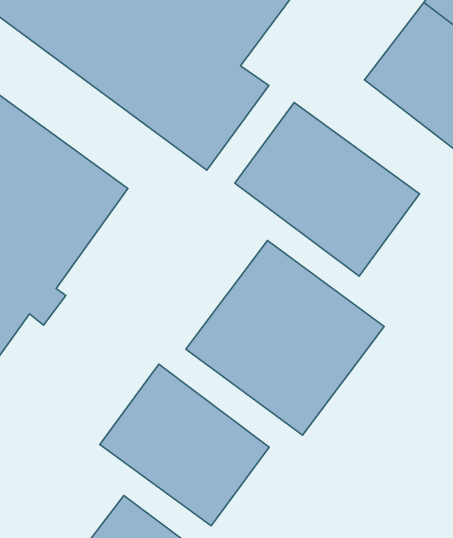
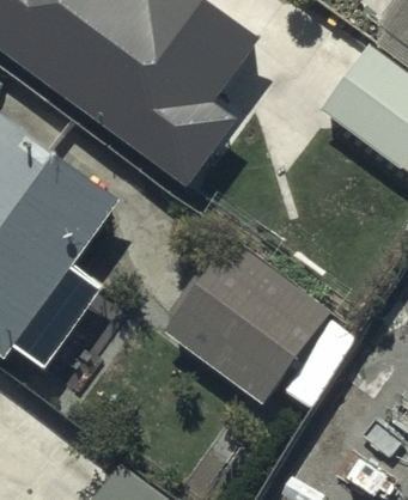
building: [235,103,420,276] -> none
building: [100,364,269,526] -> none

